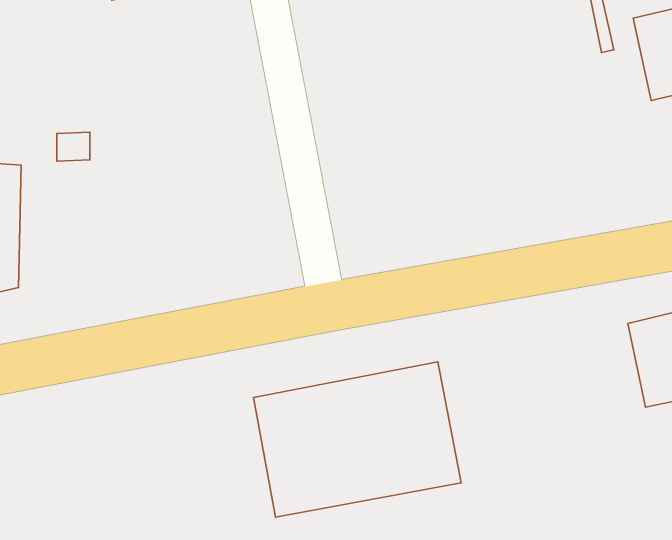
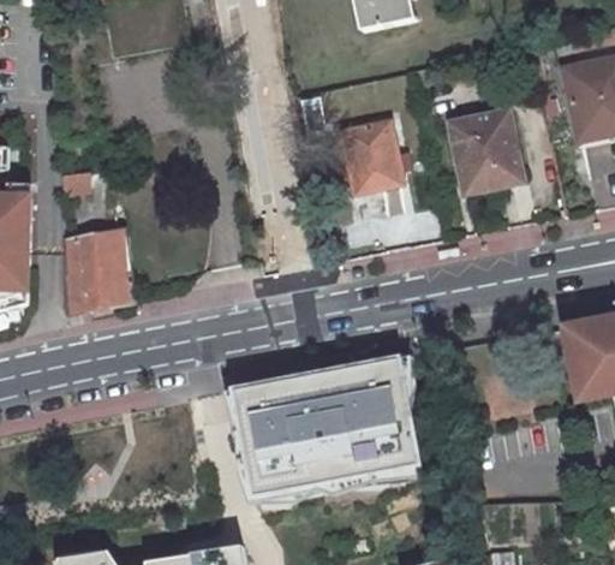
building: none -> [450,108,523,189]
building: none -> [344,118,400,189]
building: none -> [62,225,135,308]

